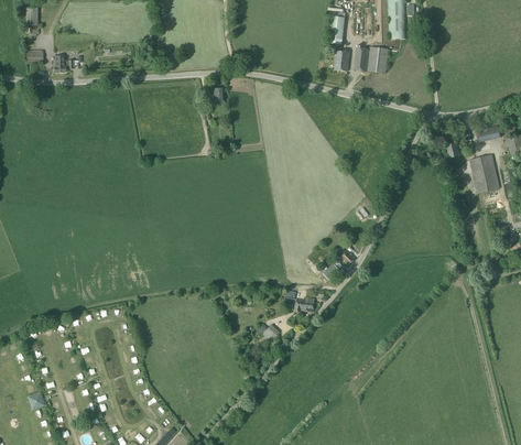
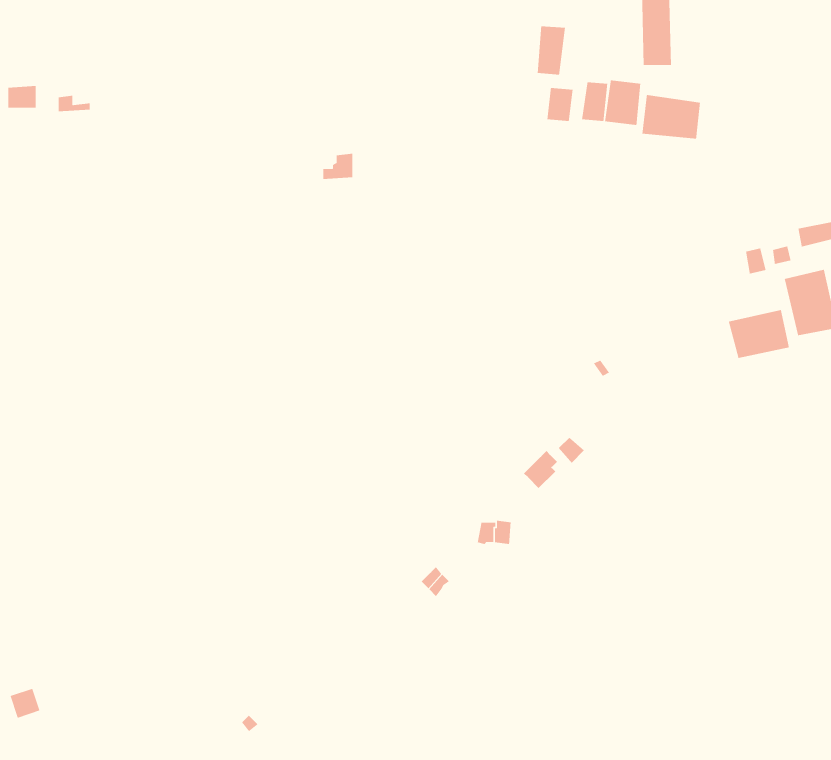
building: none -> [642,94,701,140]
building: none -> [728,309,790,359]

